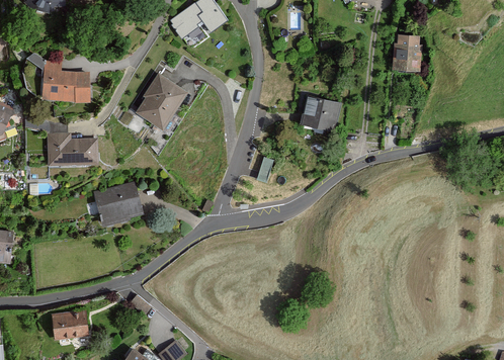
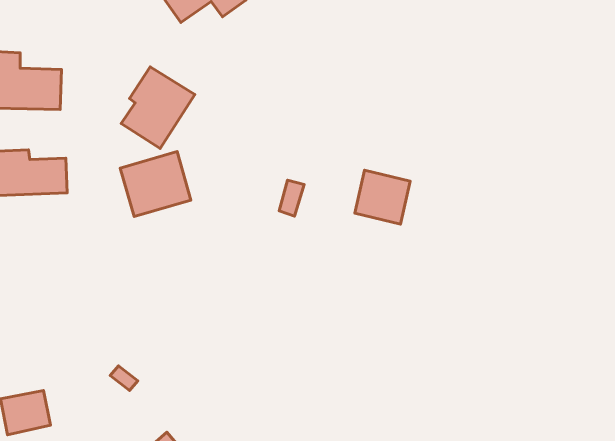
building: [392,35,420,73] -> none
building: [299,94,339,133] -> [355,170,410,224]
building: [94,180,146,228] -> [120,152,191,217]

